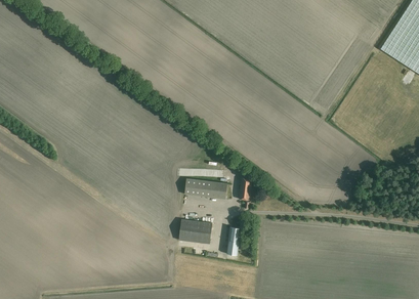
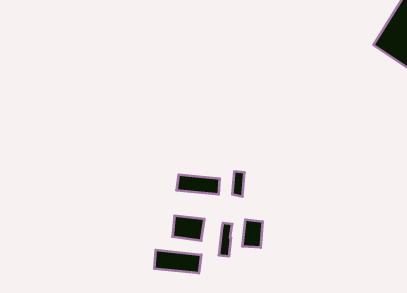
building: none -> [242,220,262,248]
building: none -> [154,250,201,273]

